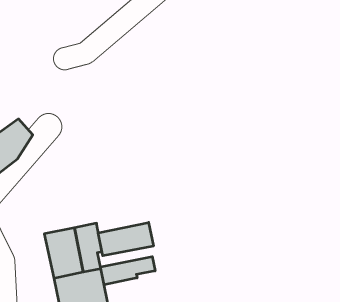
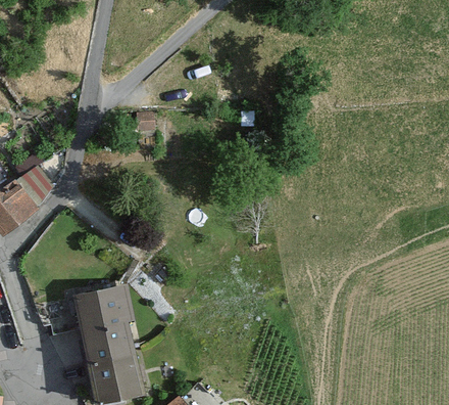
building: [98,222,153,256] -> none
building: [101,257,155,285] -> none

